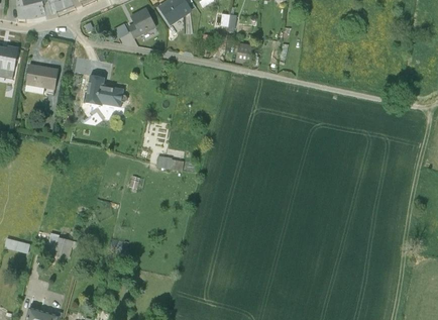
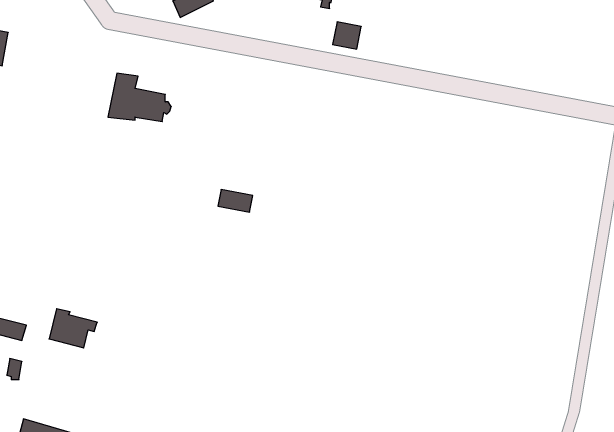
building: [24,65,58,95] -> none

